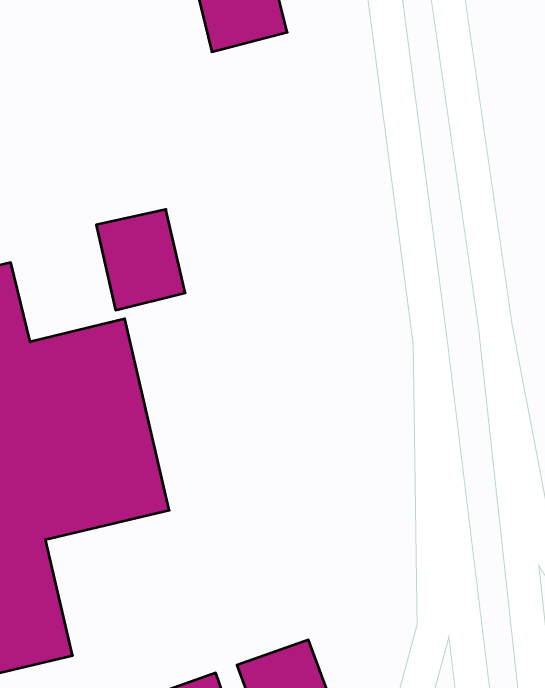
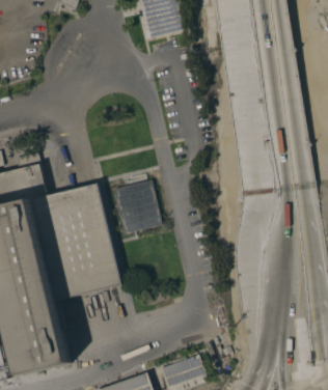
building: [96,209,185,310] -> [111,180,159,234]

